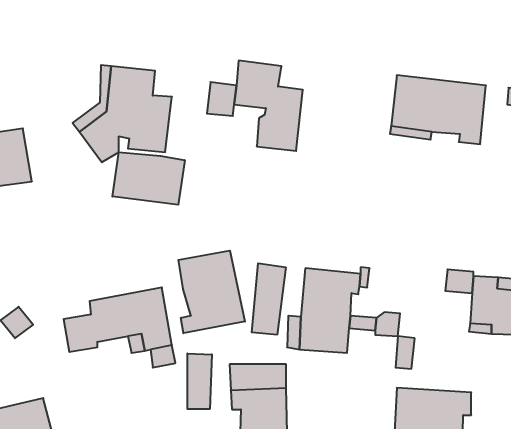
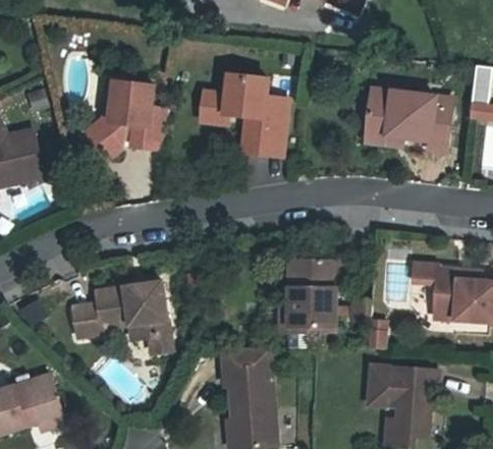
building: [112,152,185,205] -> none
building: [178,251,245,333] -> none
building: [252,263,286,335] -> none
building: [187,353,212,409] -> none

